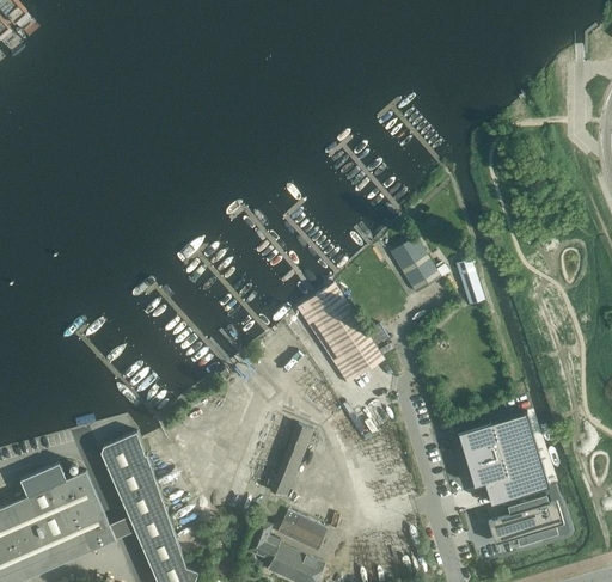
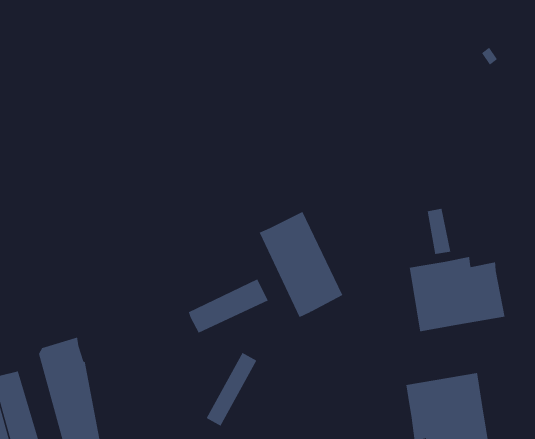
building: [390,237,440,293] -> none
building: none -> [409,256,505,332]
building: none -> [188,278,268,333]

